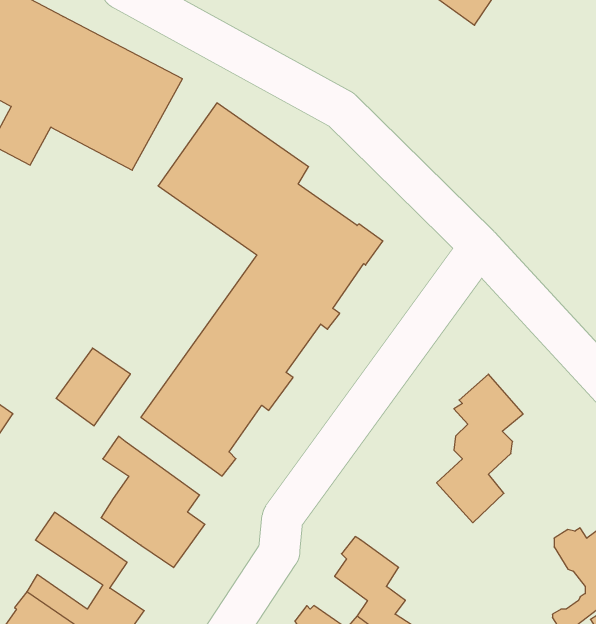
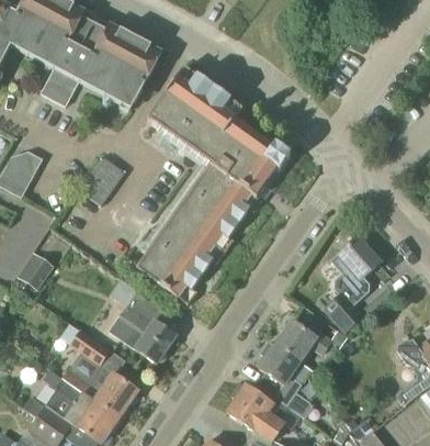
building: [56,348,130,426] -> [78,156,125,205]
building: none -> [274,322,348,363]

